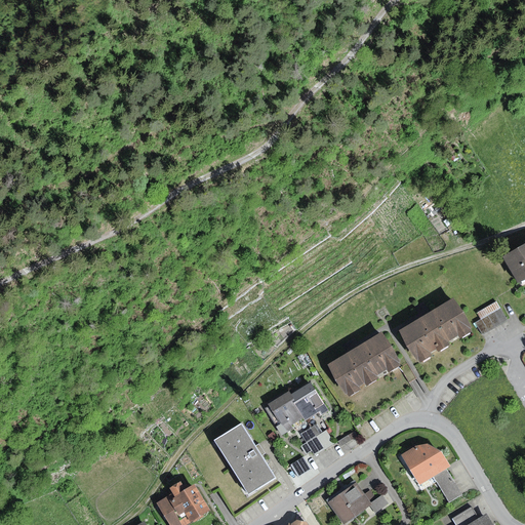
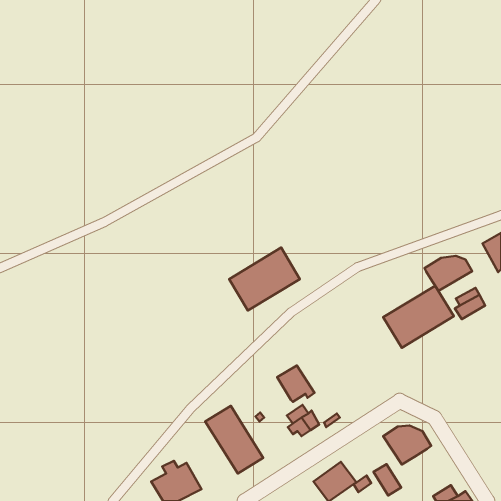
building: none -> [424,256,472,291]
building: [328,331,402,397] -> [229,248,300,310]
building: [265,392,304,436] -> none
building: [433,469,461,501] -> [374,464,401,495]

